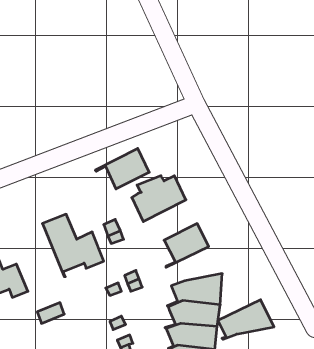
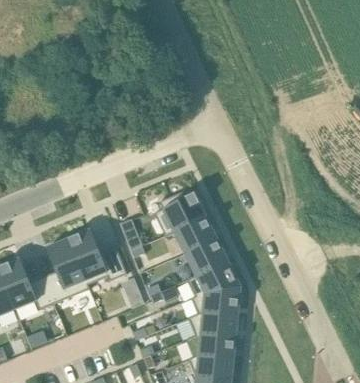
building: [95,148,149,189] -> [164,215,216,254]
building: none -> [42,238,88,303]
building: [218,300,274,339] -> [186,260,240,298]

